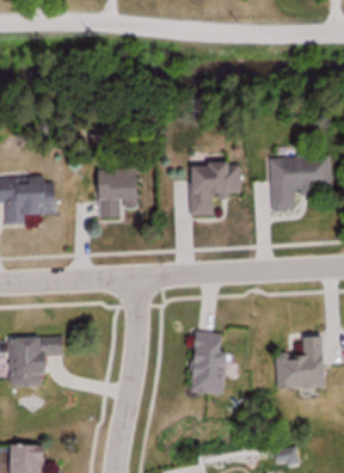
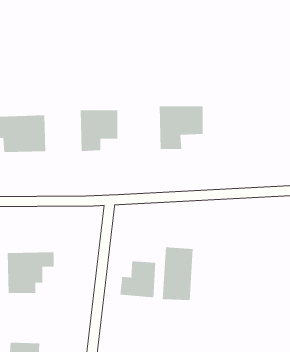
building: [269,156,331,211] -> none
building: [280,337,327,388] -> none
building: none -> [120,261,156,298]

